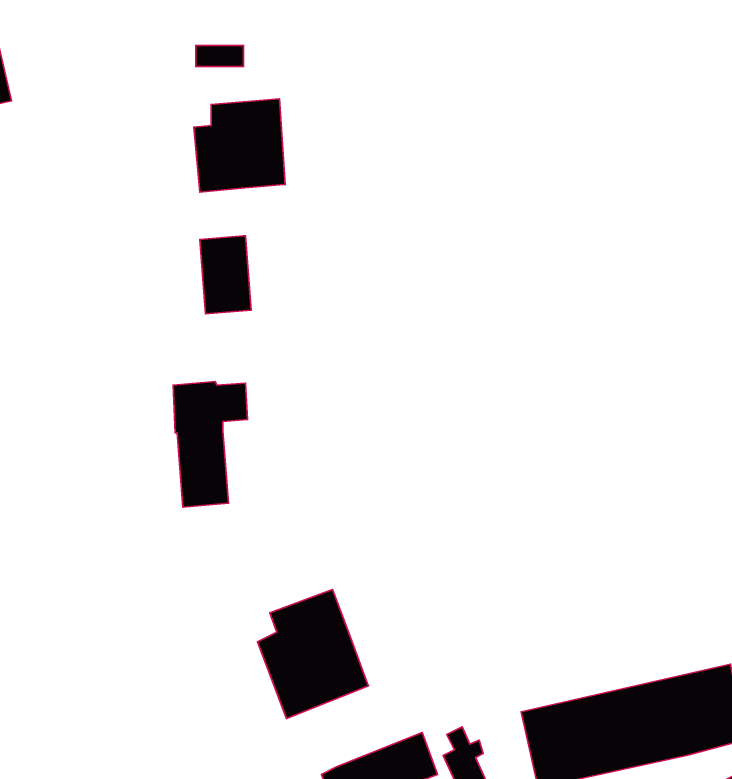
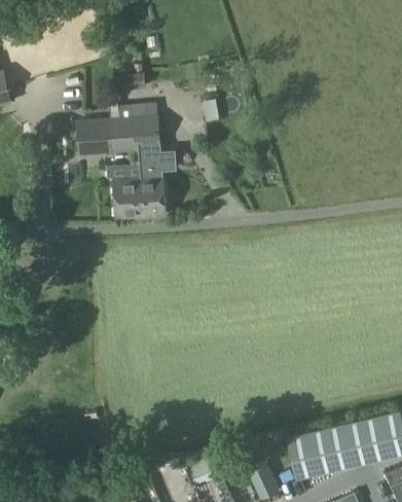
building: none -> [76,118,112,155]
building: [173,381,247,507] -> [135,149,175,217]
building: [257,590,368,719] -> none

